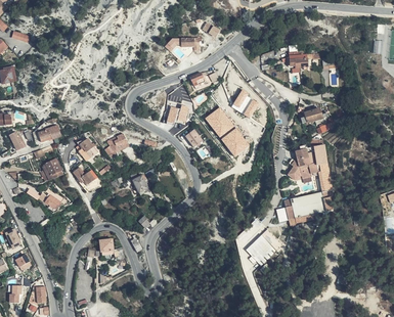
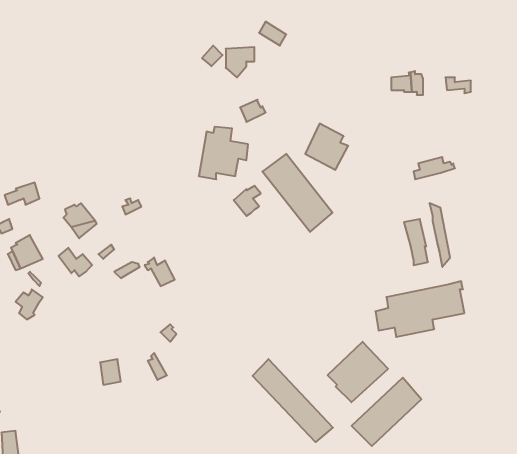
building: none -> [253,359,333,442]
building: none -> [352,378,421,446]

